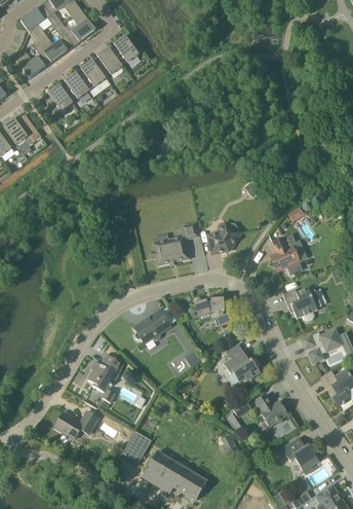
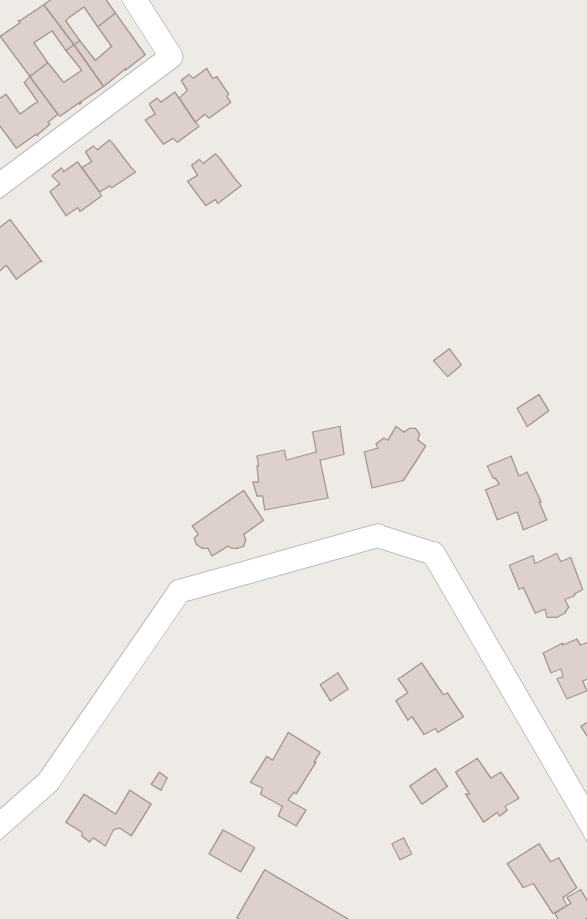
building: [79,61,107,87] -> [188,154,241,205]
building: [195,297,229,326] -> none
building: [133,308,170,342] -> [192,490,264,556]
building: [87,353,123,401] -> [250,732,320,826]

